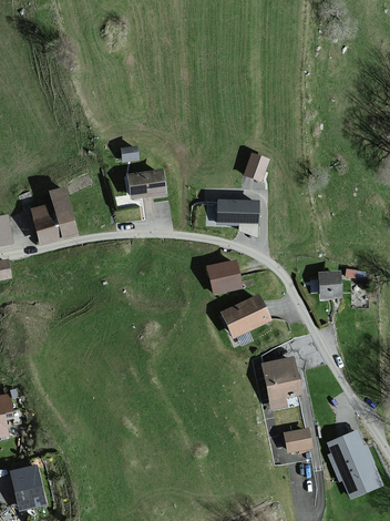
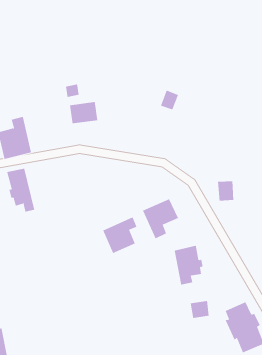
building: [217,198,257,235] -> none
building: none -> [7,168,35,212]
building: [208,259,242,293] -> none
building: none -> [102,216,137,254]

